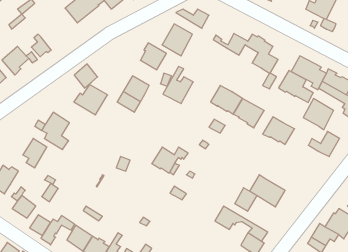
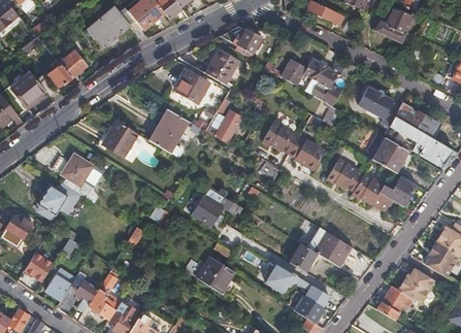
building: [74,64,98,88] -> [59,49,87,78]
building: [279,70,313,102] -> [349,172,390,210]
building: none -> [196,256,235,296]

